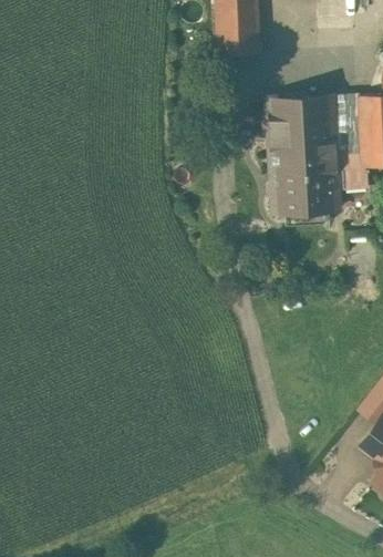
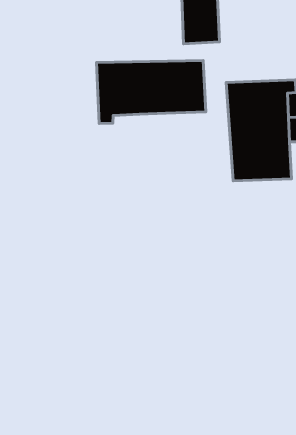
building: none -> [97,60,206,123]

